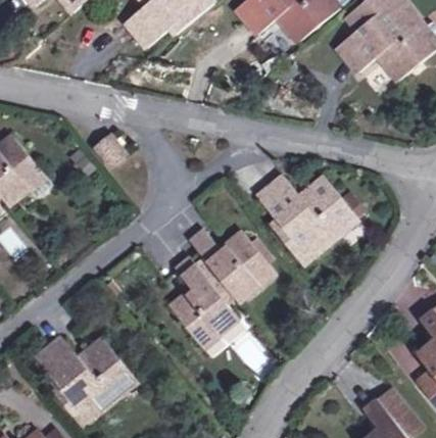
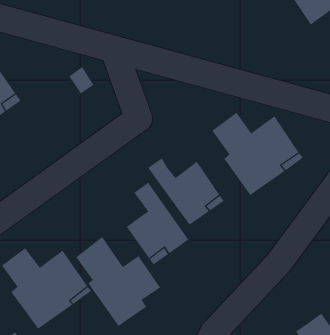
building: none -> [76,236,161,327]

